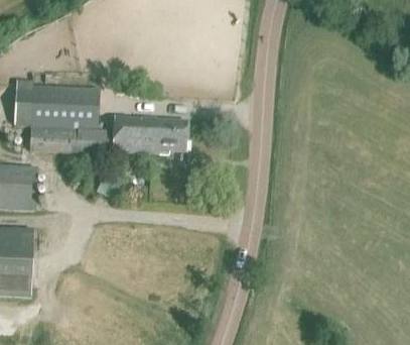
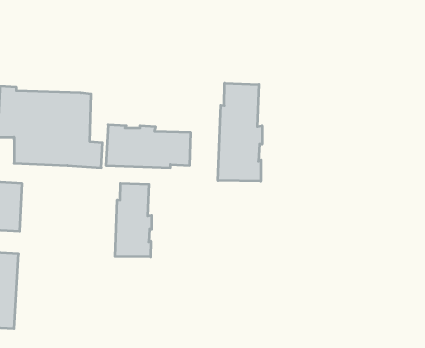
building: none -> [218,83,262,181]
building: none -> [115,183,152,257]

